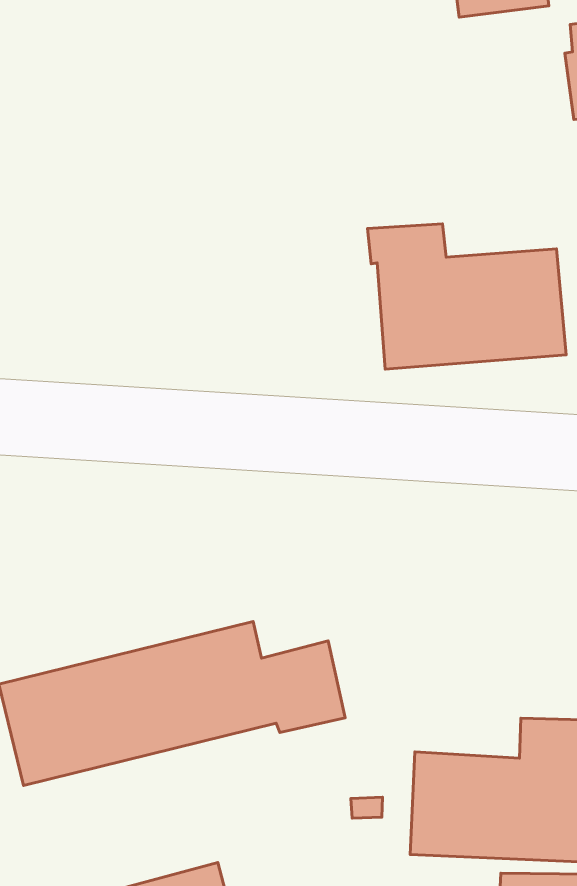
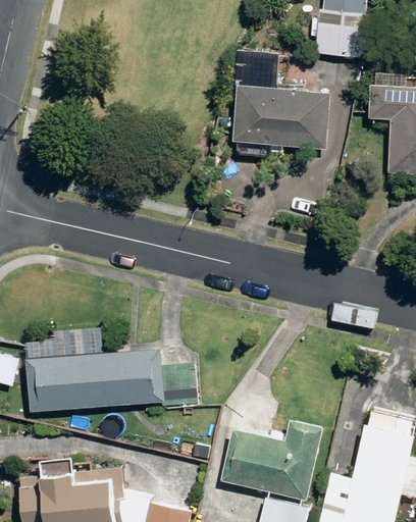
building: [367,224,566,369] -> [231,67,329,149]

